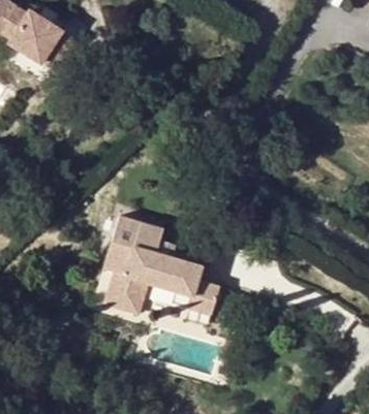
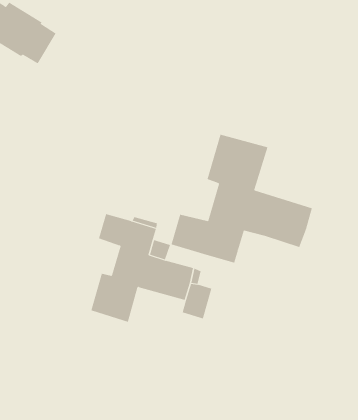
building: none -> [171,134,313,264]

